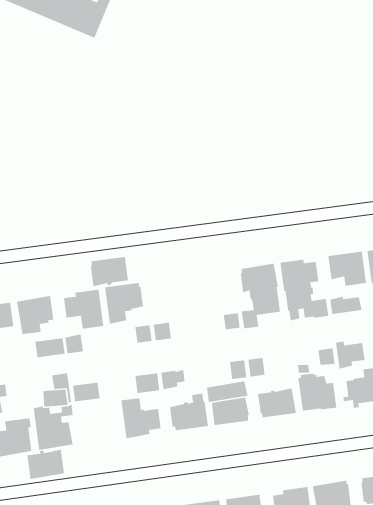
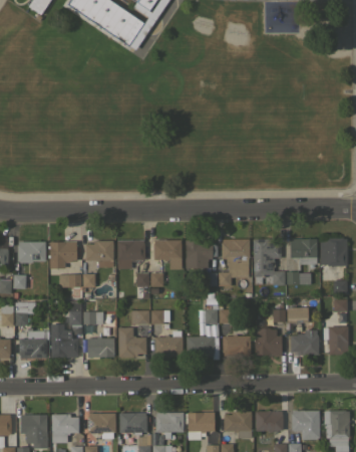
building: [90,256,129,287] -> [153,240,182,261]
building: none -> [186,240,217,268]
building: [26,449,65,480] -> [87,336,114,358]

